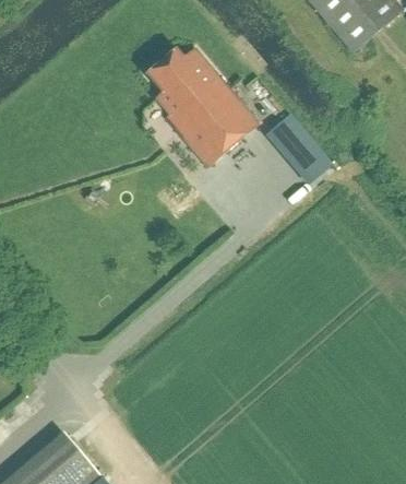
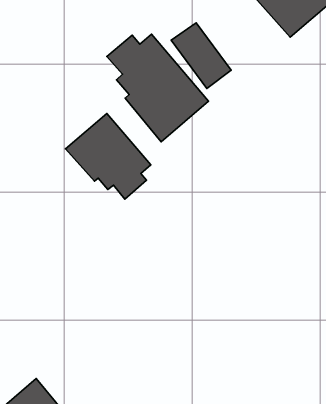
building: [261,109,329,184] -> [171,23,231,89]
building: none -> [66,113,151,199]

